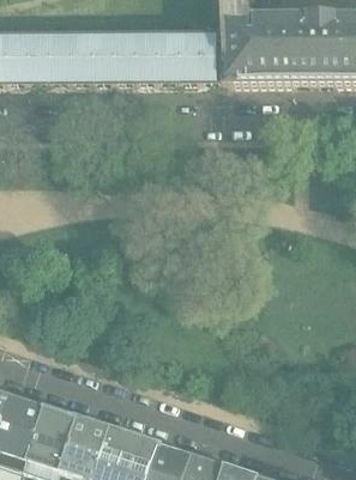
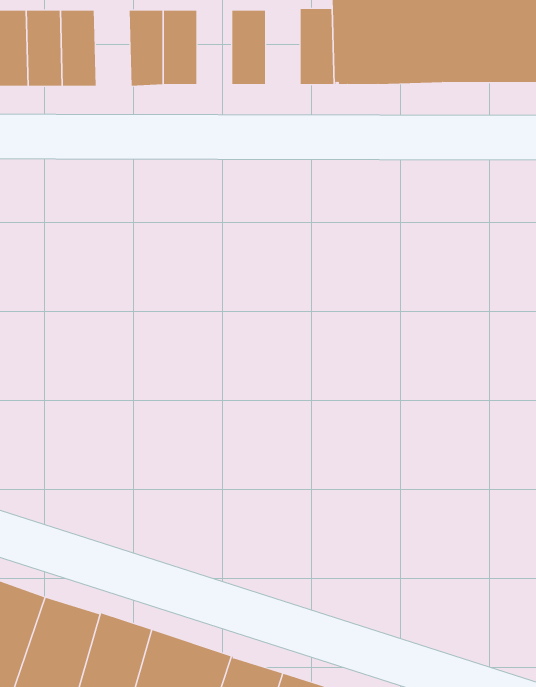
building: [180,32,201,80] -> none
building: [72,34,95,81] -> none
building: [137,34,158,80] -> none

